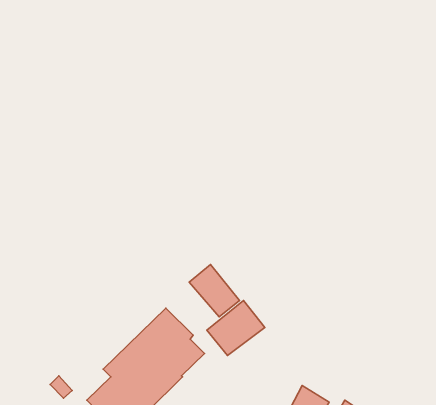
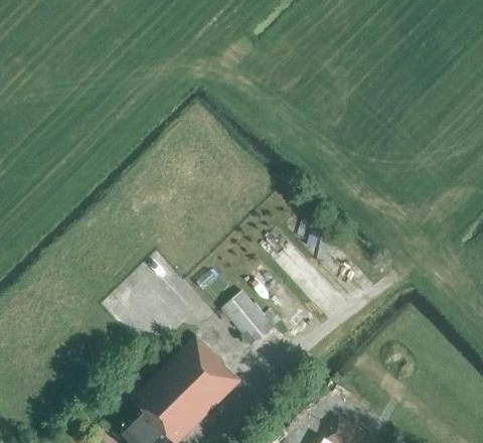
building: [207,301,265,356] -> none

